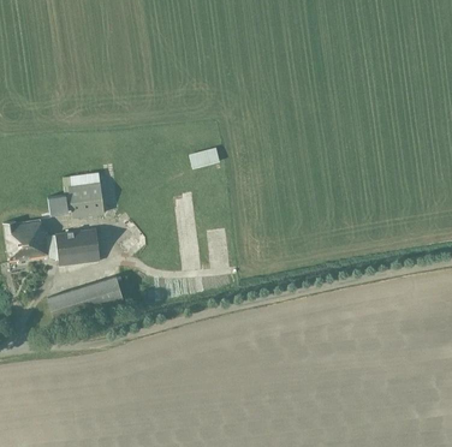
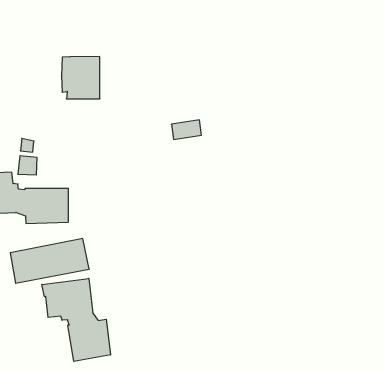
building: [64,172,105,216] -> [61,57,100,99]
building: none -> [42,278,111,361]

